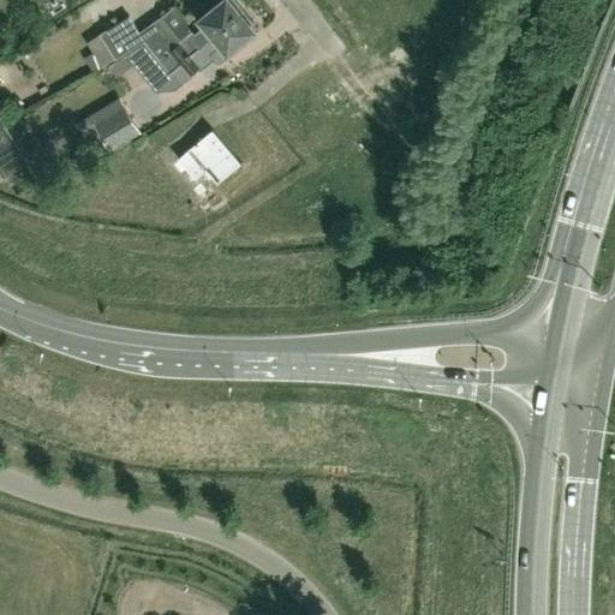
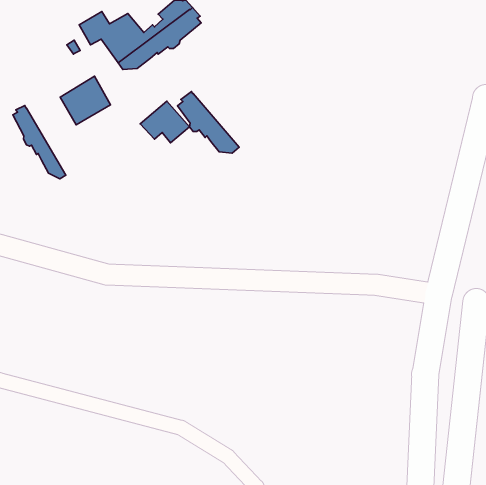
building: none -> [177,92,239,153]
building: none -> [13,106,66,179]

